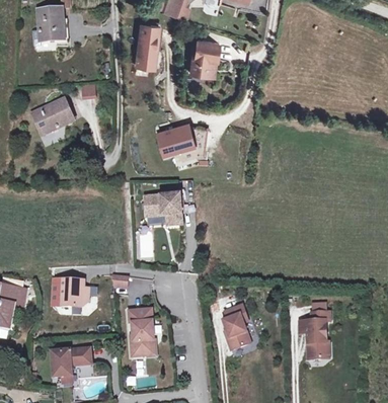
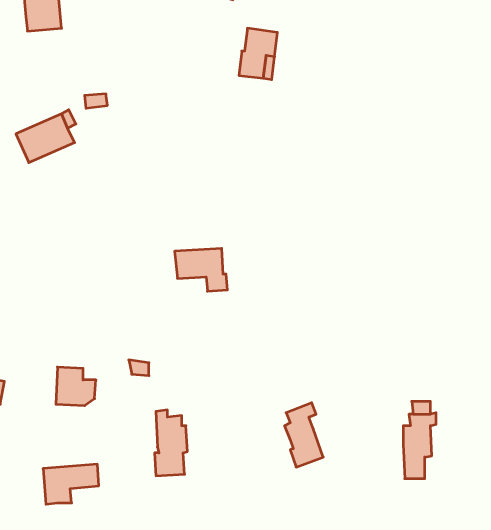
building: [137,24,162,69] -> none
building: [159,129,198,157] -> none

